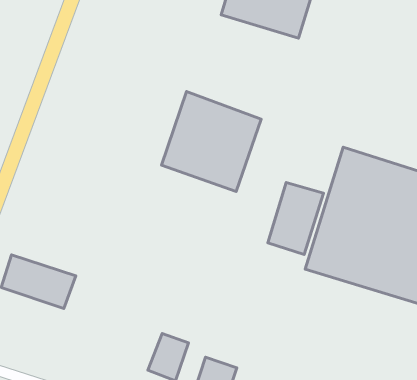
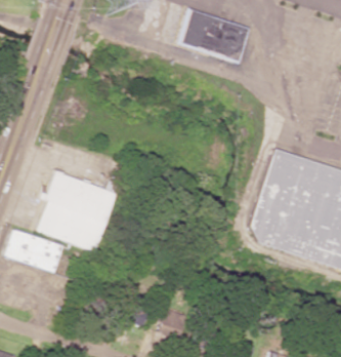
building: [162,92,261,191] -> [36,173,114,251]
building: [268,183,323,254] -> none

